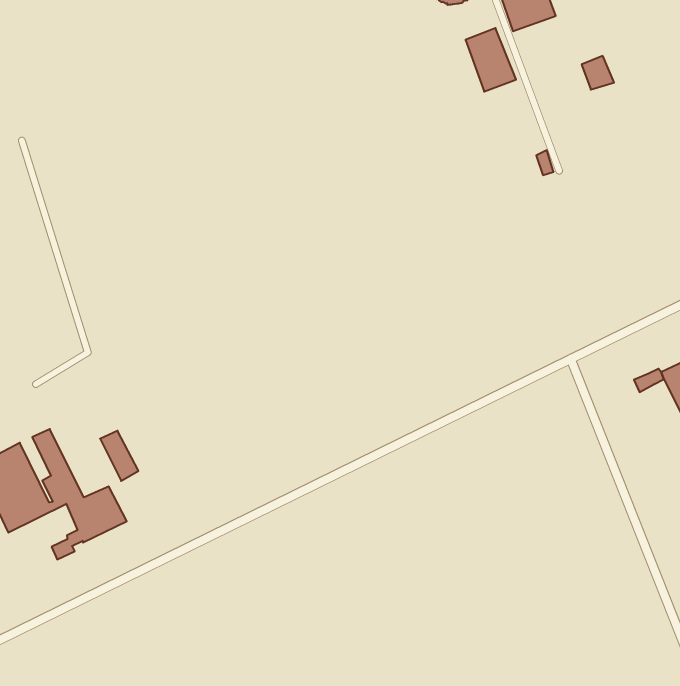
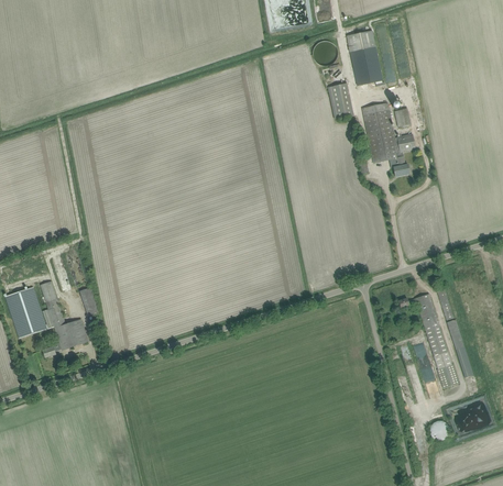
building: none -> [362,102,416,176]

